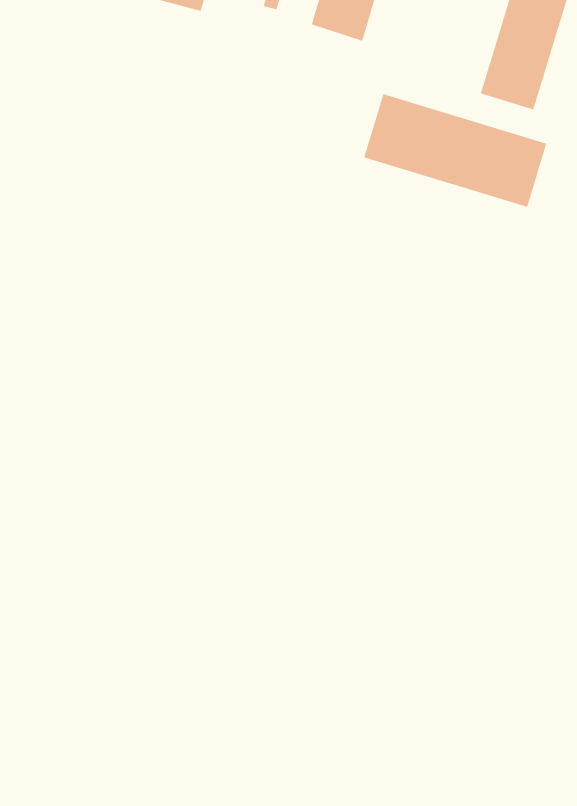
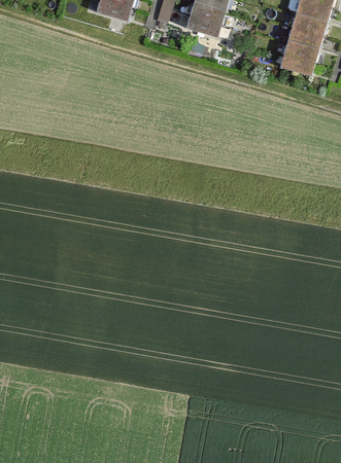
building: [363,93,547,208] -> none

